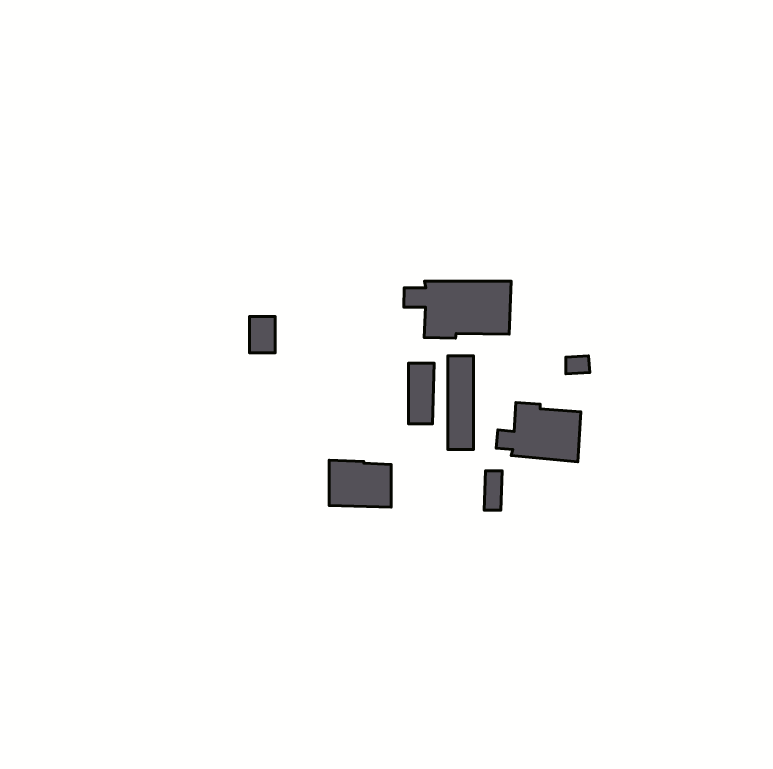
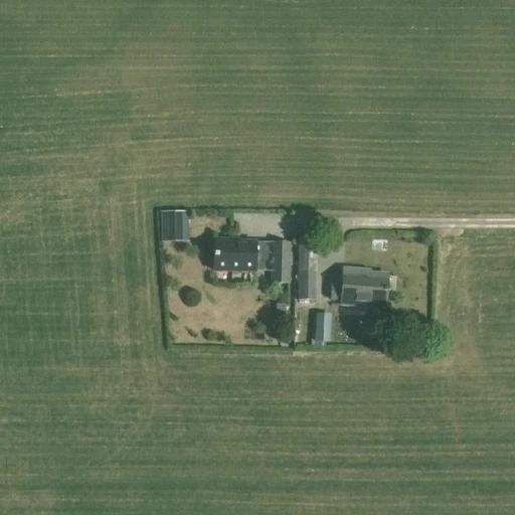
building: [404,281,511,338] -> none
building: [329,460,391,507] -> [213,238,254,270]

